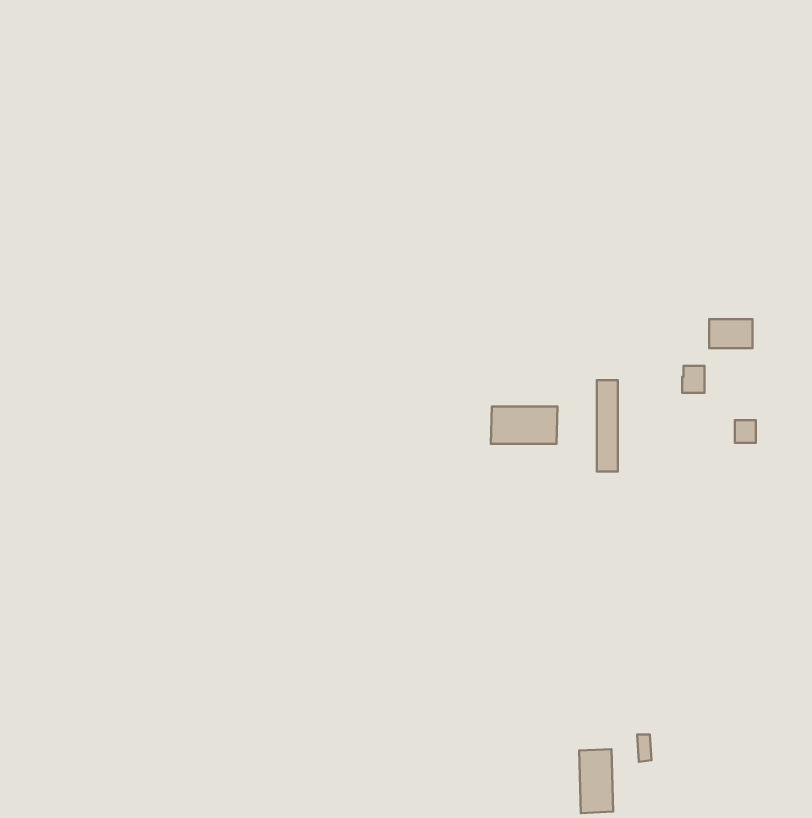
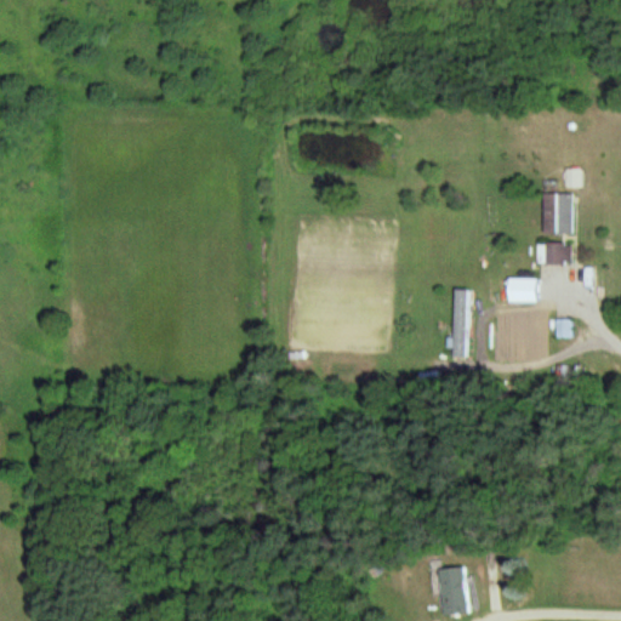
building: none -> [542,192,571,233]
building: [491,407,557,444] -> none

